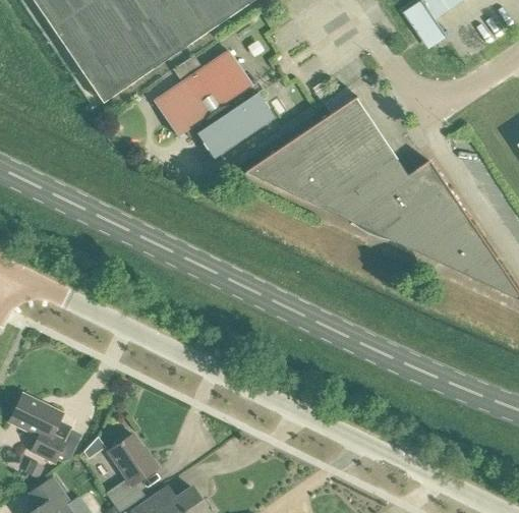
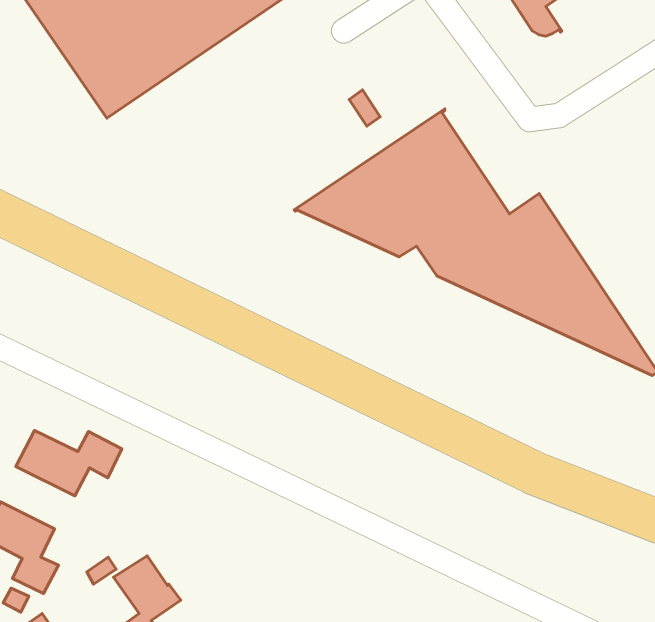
building: [155,50,275,159] -> none
building: none -> [16,430,122,496]

